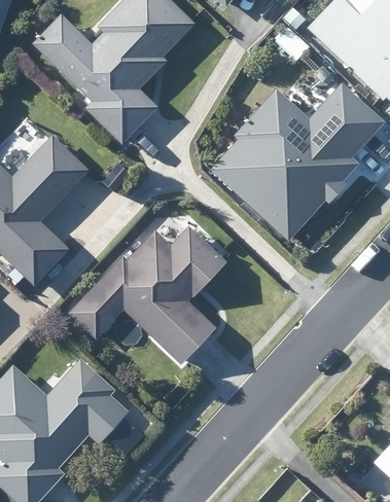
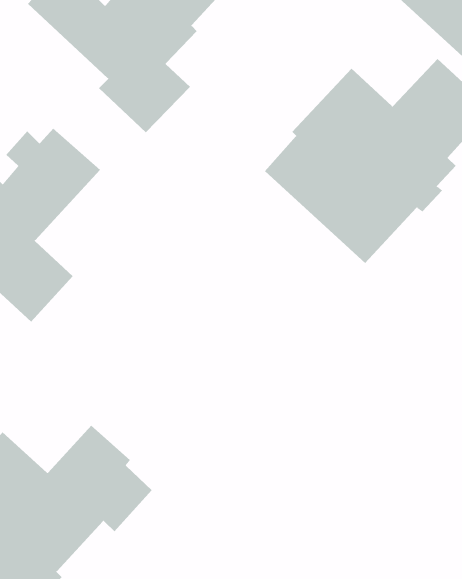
building: [70,223,226,361] -> none

